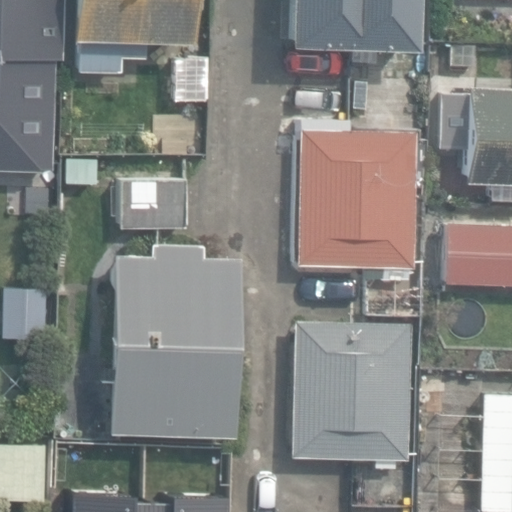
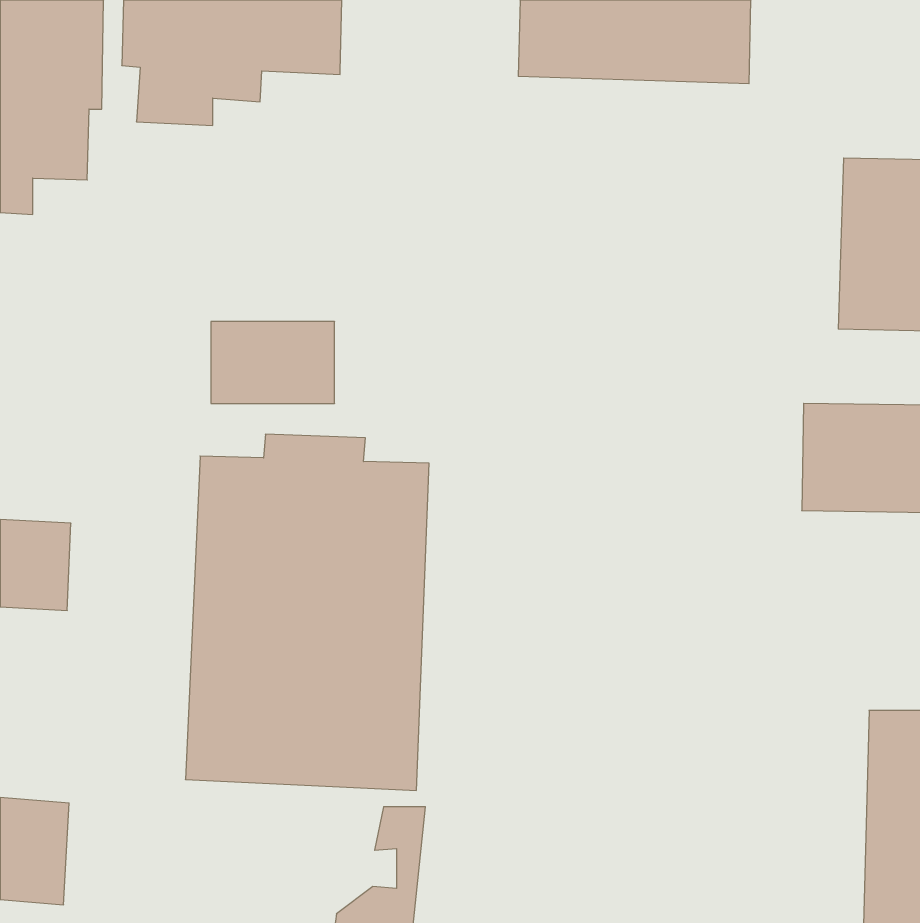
building: [300,131,417,269] -> none
building: [293,322,412,460] -> none

